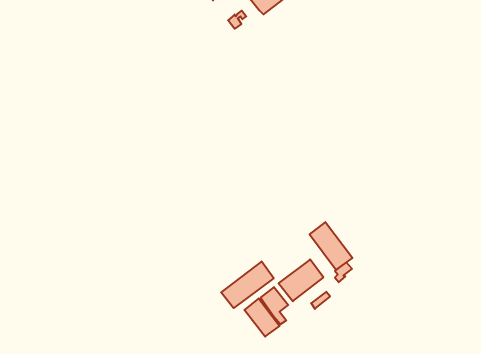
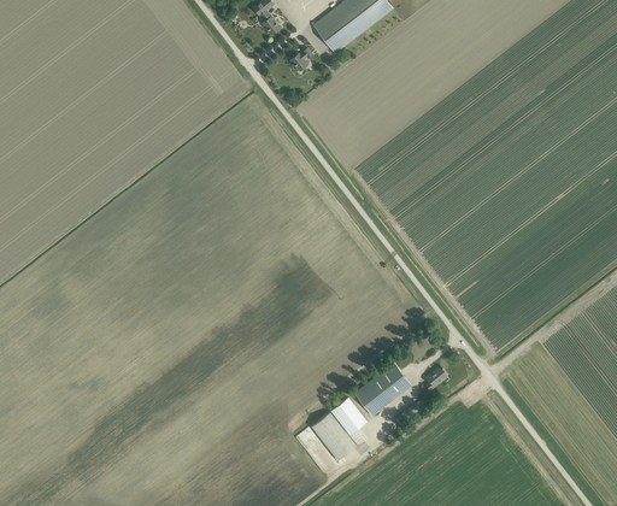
building: [310,222,352,270] -> none
building: [221,261,274,308] -> none

